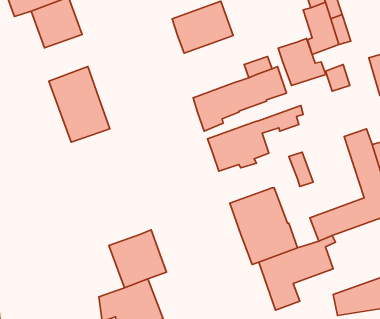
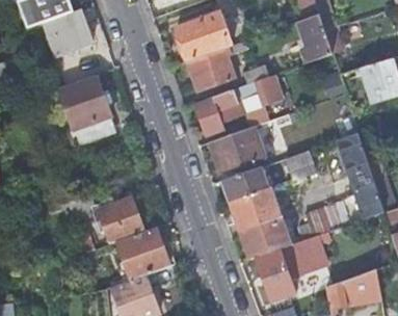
building: [278,38,326,86] -> none
building: none -> [186,49,235,93]
building: none -> [220,167,268,203]
building: none -> [98,198,144,244]

